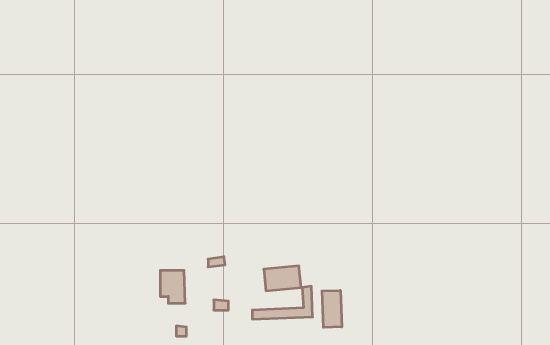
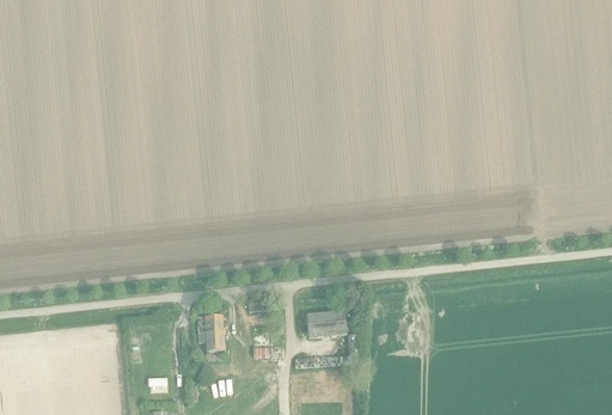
building: [322,290,342,327] -> none

